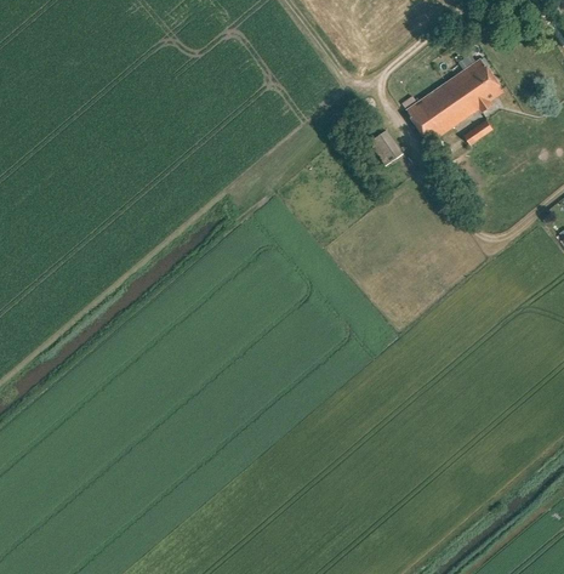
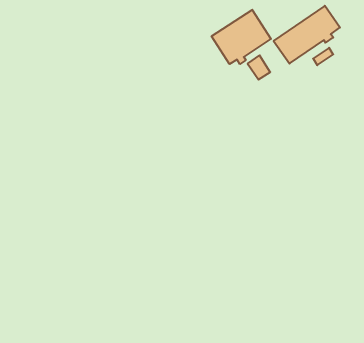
building: none -> [212,10,271,64]

